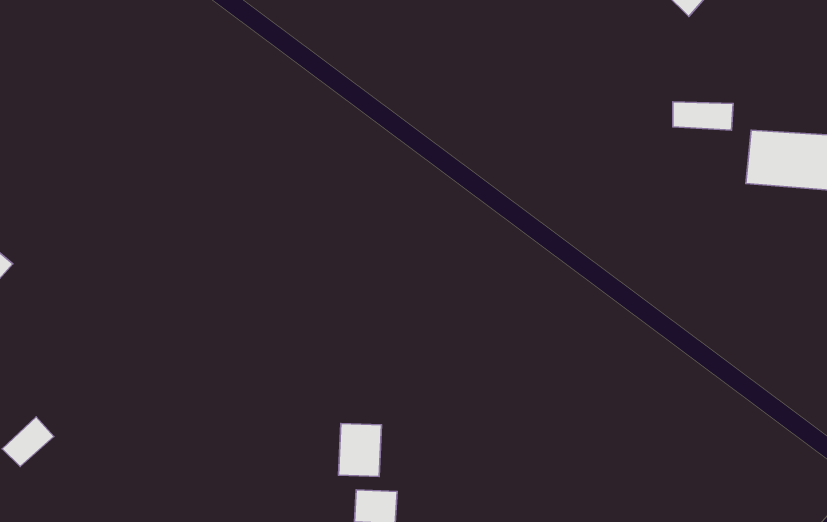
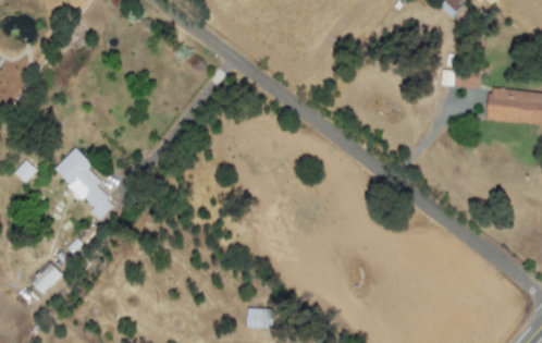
building: none -> [54,147,115,218]
building: [339,423,382,477] -> none

